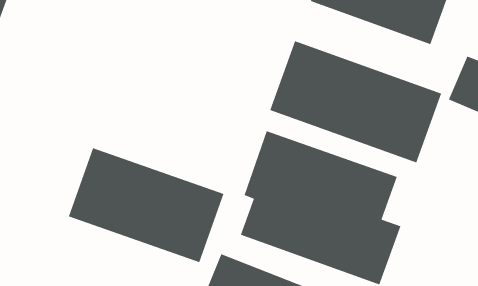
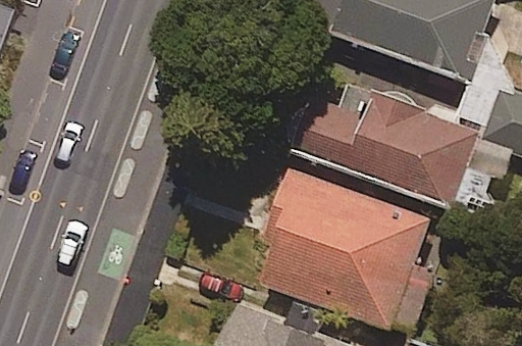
building: [68,147,224,263] -> none

